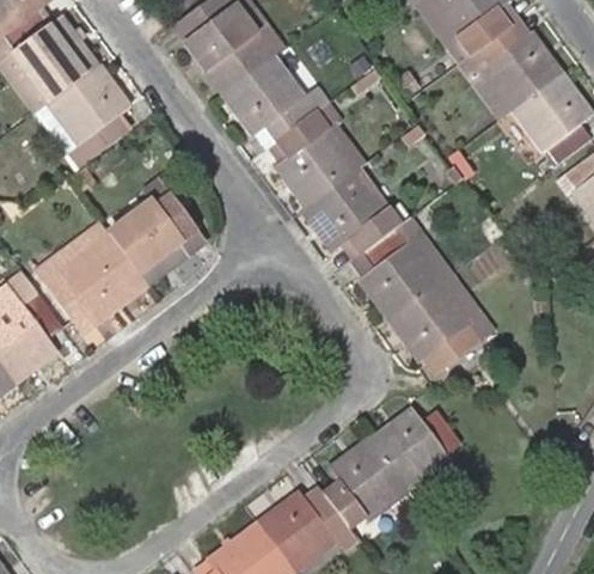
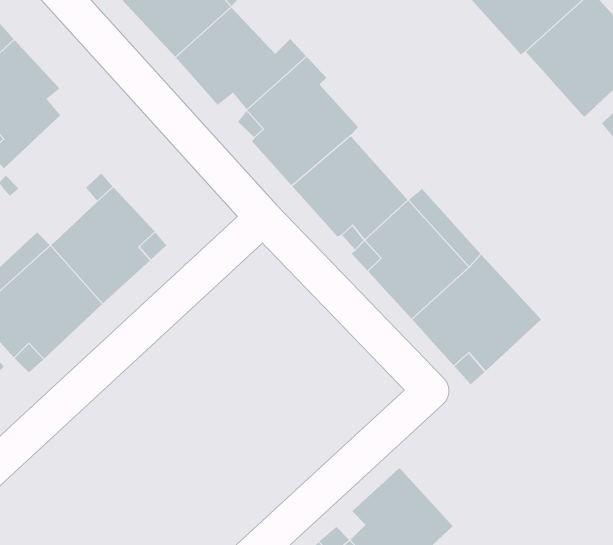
building: [369,407,461,489] -> none

